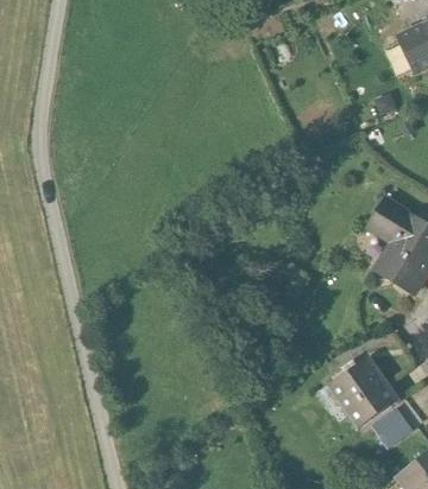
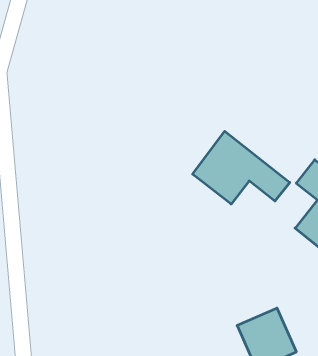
building: none -> [193,131,290,204]

